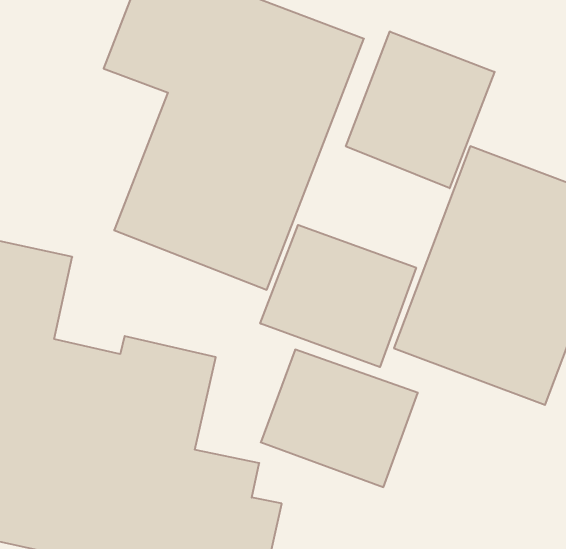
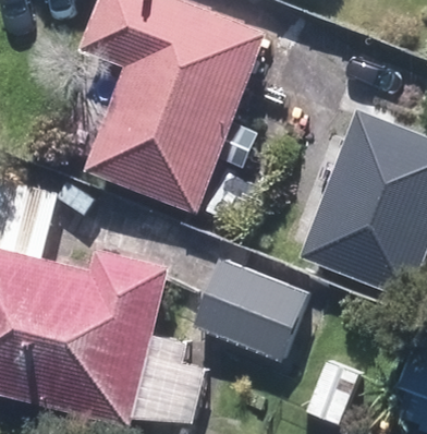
building: [346,31,495,188] -> none
building: [260,225,416,367] -> none

